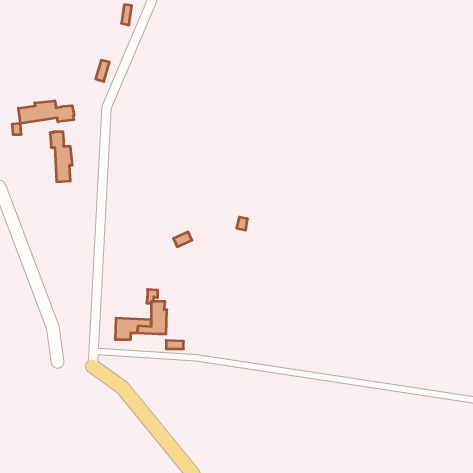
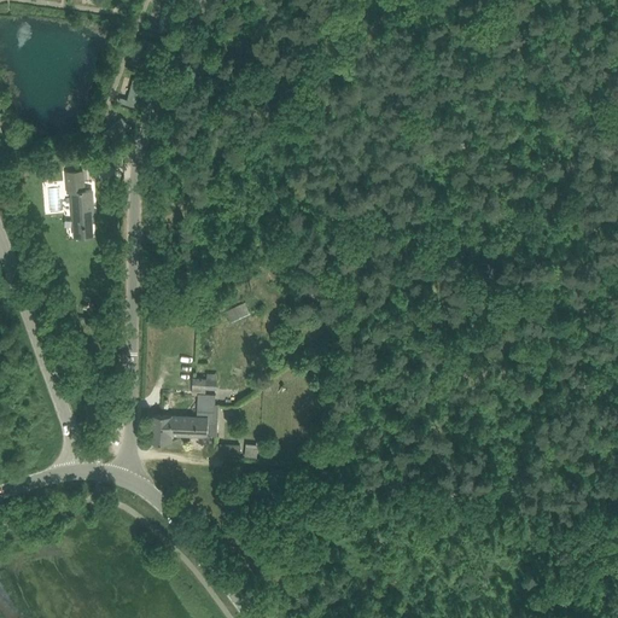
building: [18,101,74,123] -> none

